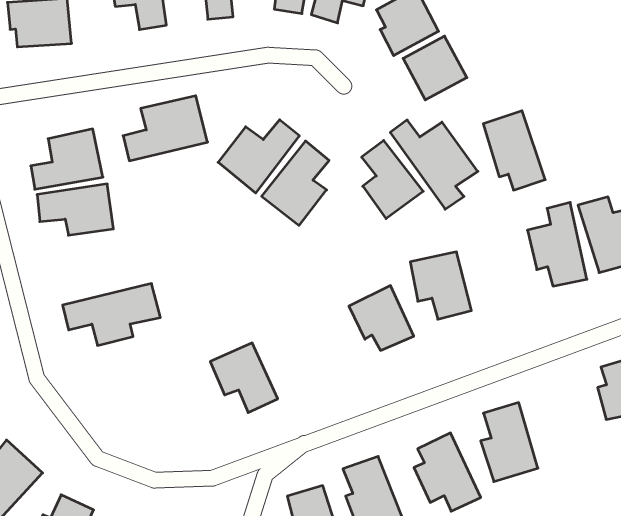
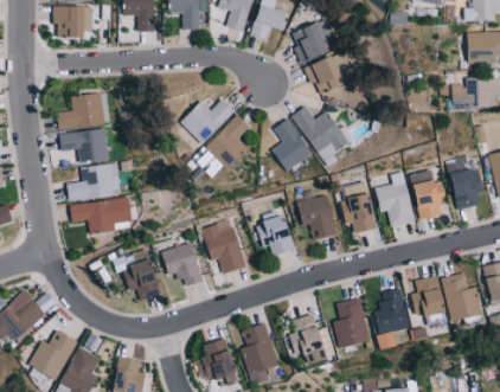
building: [123,96,208,161] -> [66,162,121,200]
building: [483,111,545,190] -> [340,181,377,232]
building: none -> [201,219,245,272]
building: none -> [113,248,162,300]
building: none -> [373,288,411,348]

